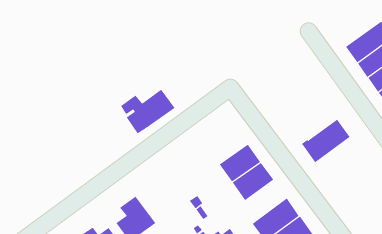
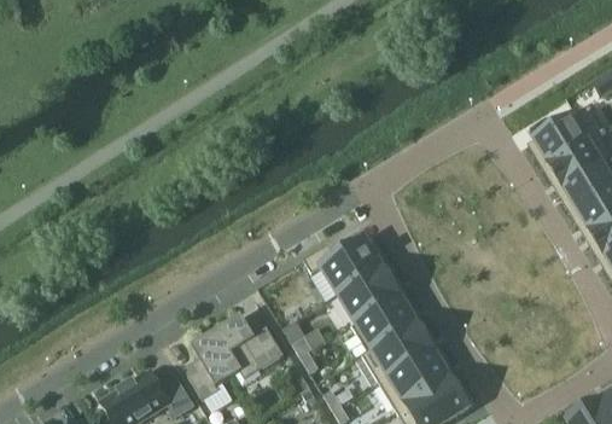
building: [120,89,175,134] -> [303,237,383,300]
building: [301,119,351,163] -> [361,320,433,382]
building: none -> [215,313,284,378]

